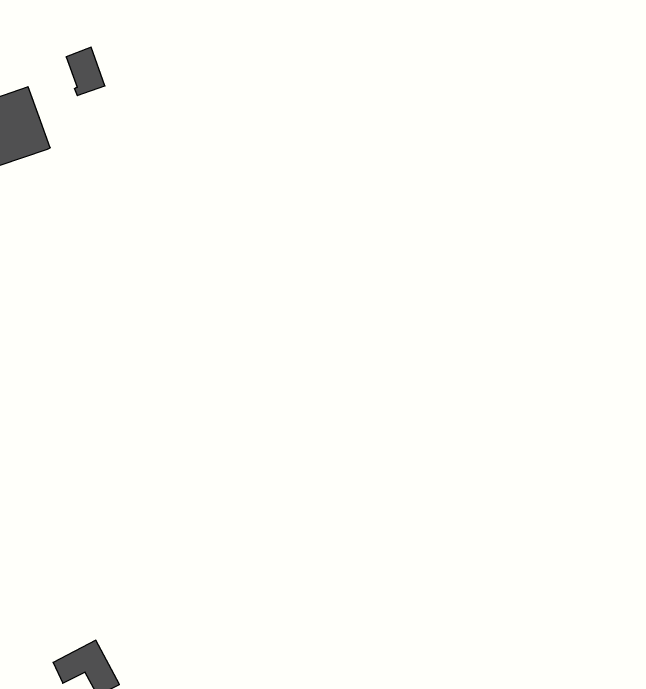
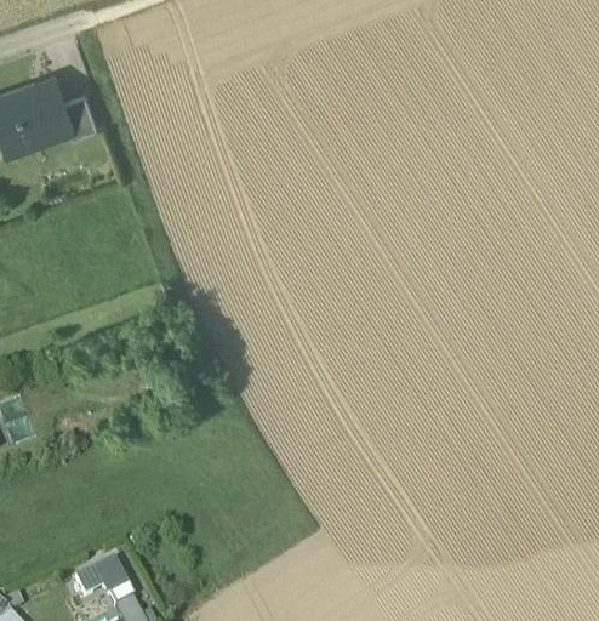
building: [66,47,105,96] -> [63,97,97,139]

